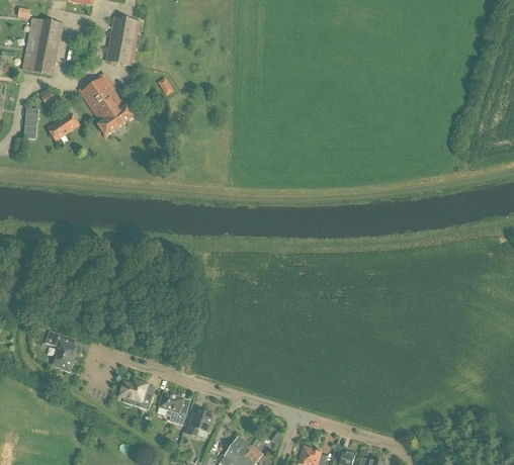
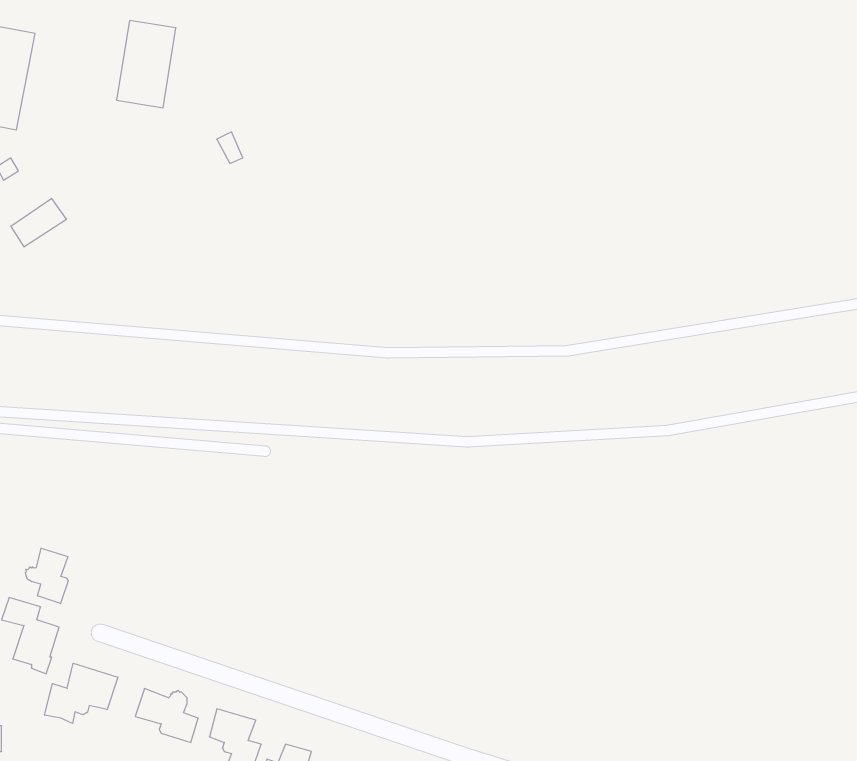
building: [82,76,136,134] -> none
building: none -> [25,548,68,604]
building: none -> [45,663,118,723]

